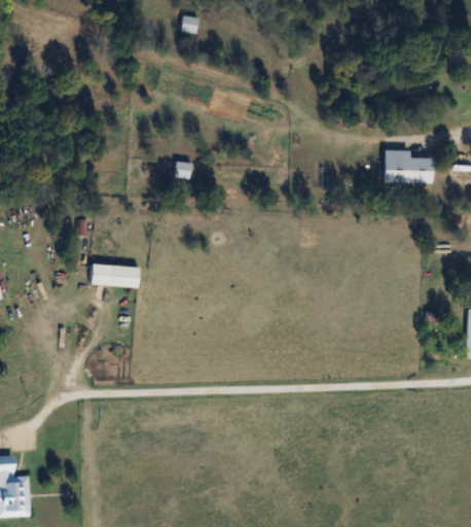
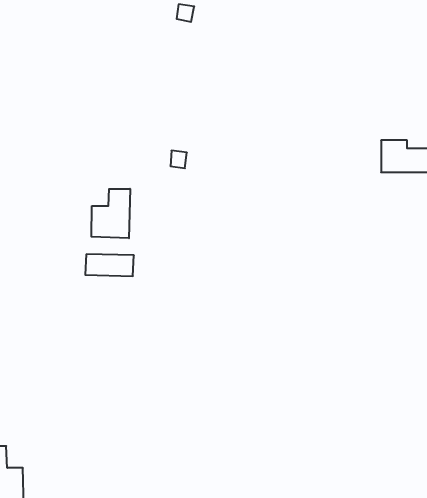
building: none -> [91,189,130,238]

